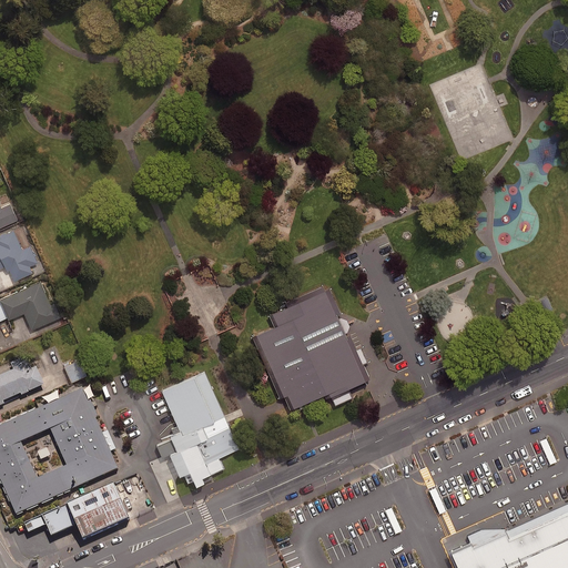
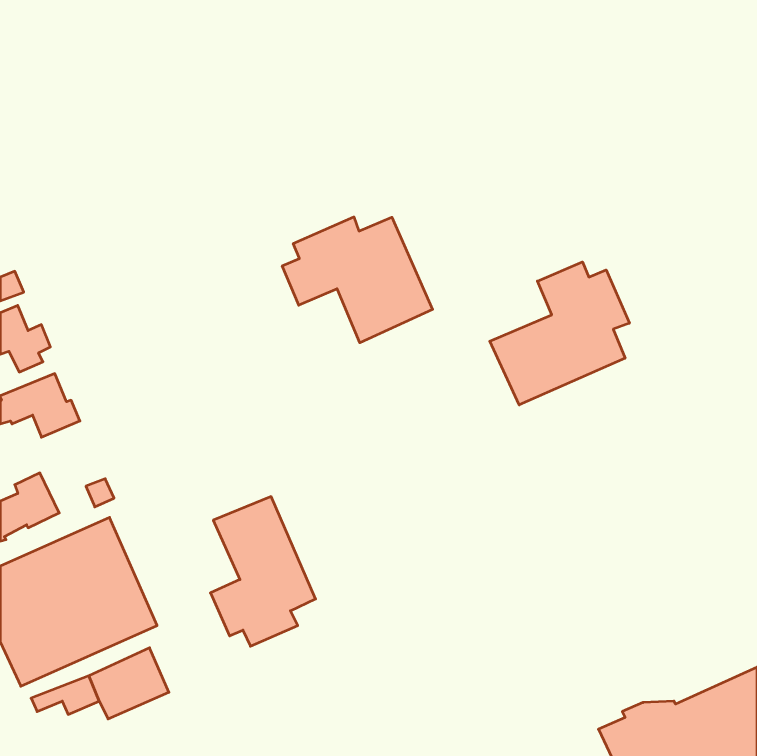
building: none -> [282,217,433,343]
building: none -> [490,262,629,405]
building: [252,284,368,407] -> none

